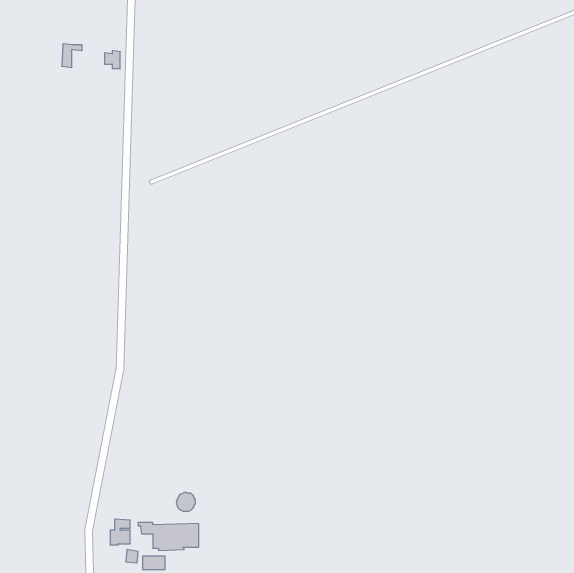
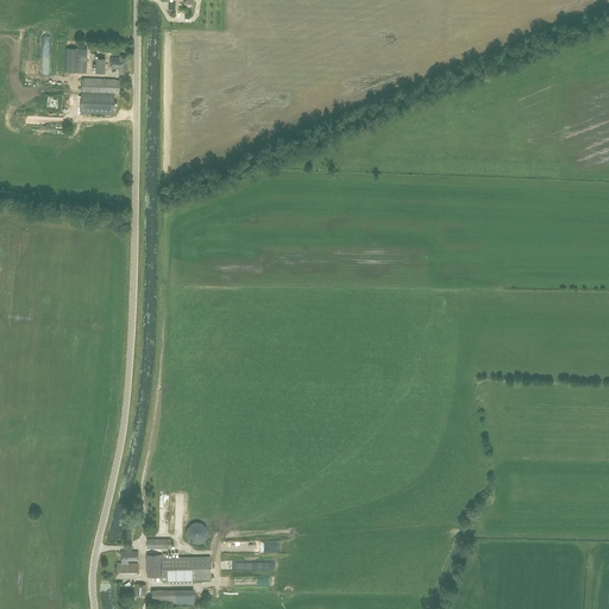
building: none -> [81,77,119,114]

